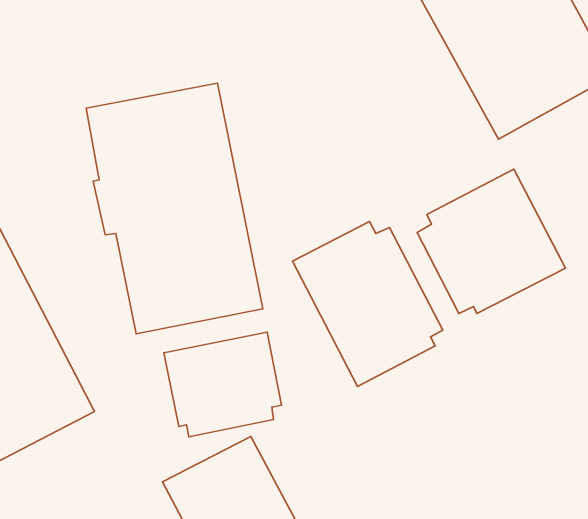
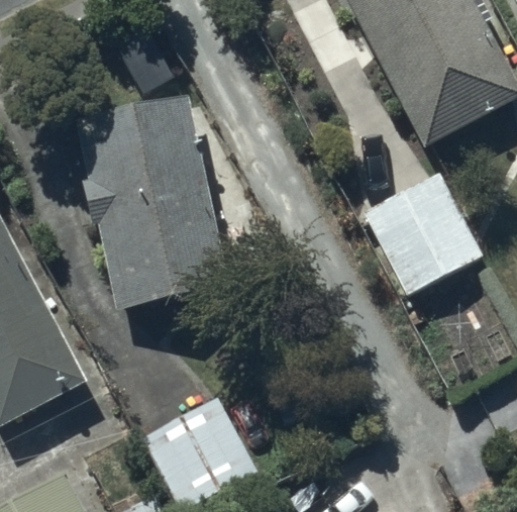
building: [292,221,443,386] -> none
building: [164,332,282,437] -> none

